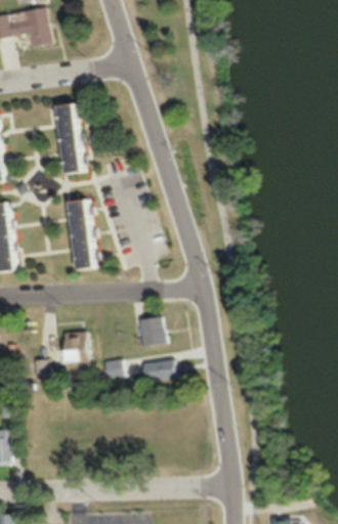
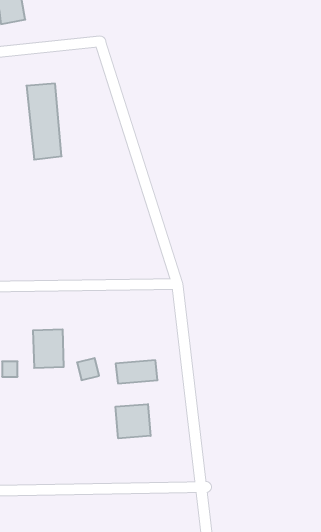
building: [68,199,101,270] -> none
building: [138,316,168,346] -> none
building: none -> [116,404,151,438]

